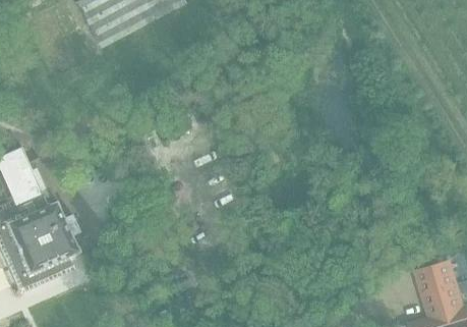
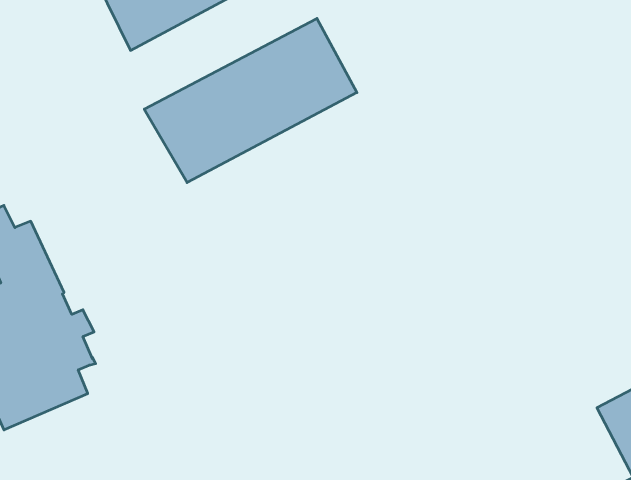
building: none -> [144,18,357,183]

